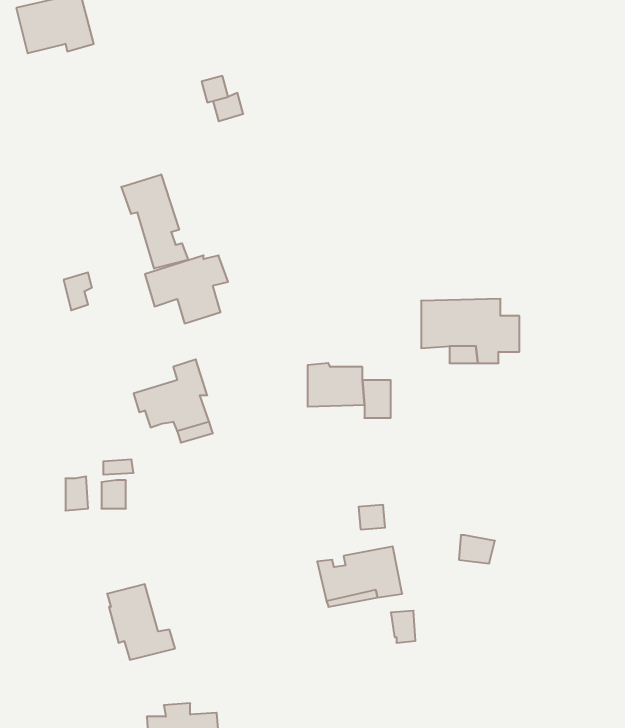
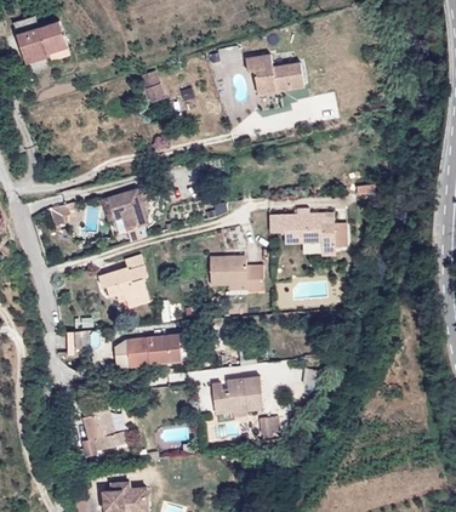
building: none -> [243,51,302,92]
building: [121,174,188,269] -> none
building: none -> [127,334,188,368]

